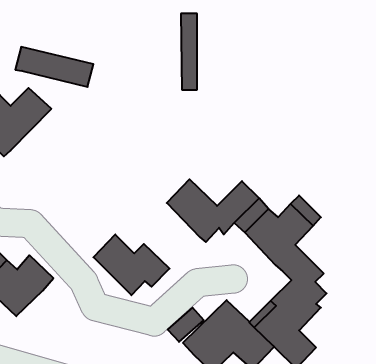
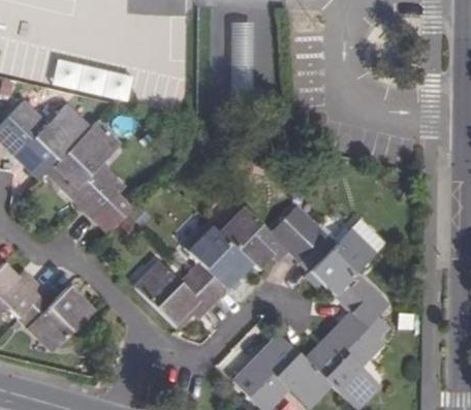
building: none -> [46,122,138,232]
building: none -> [187,224,252,299]

